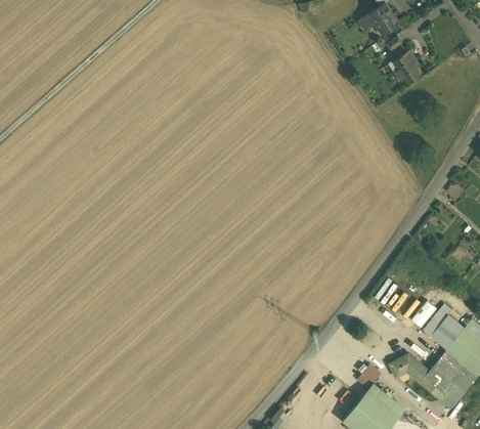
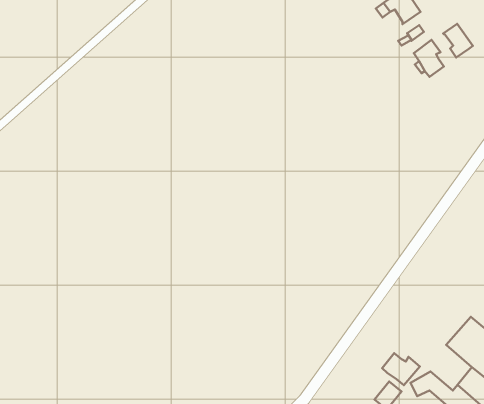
building: none -> [443,24,473,57]
building: none -> [382,353,420,385]

